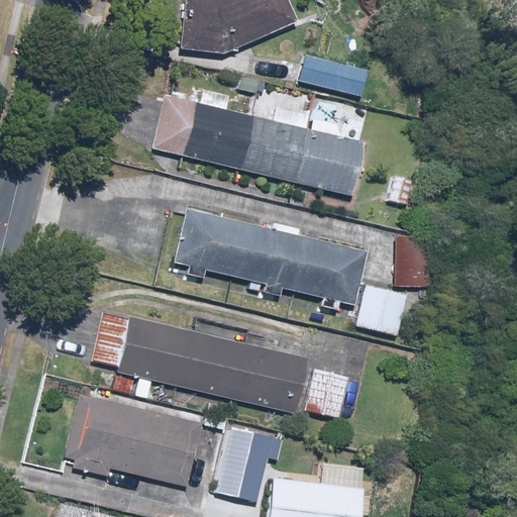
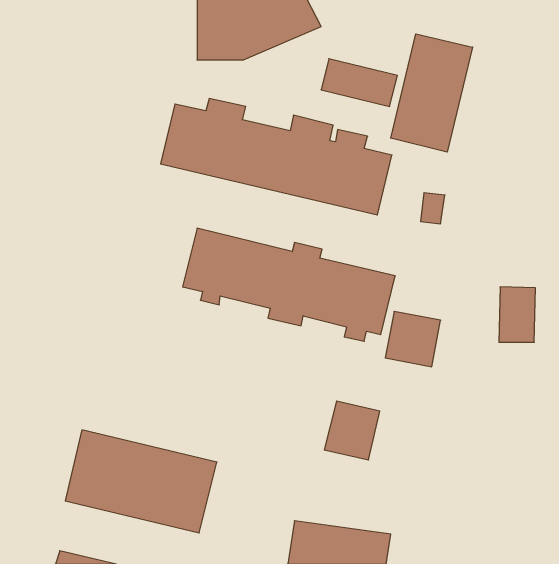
building: none -> [391,34,473,152]
building: [395,235,428,286] -> [499,287,535,342]
building: [91,310,308,414] -> none
building: [216,427,273,500] -> none

